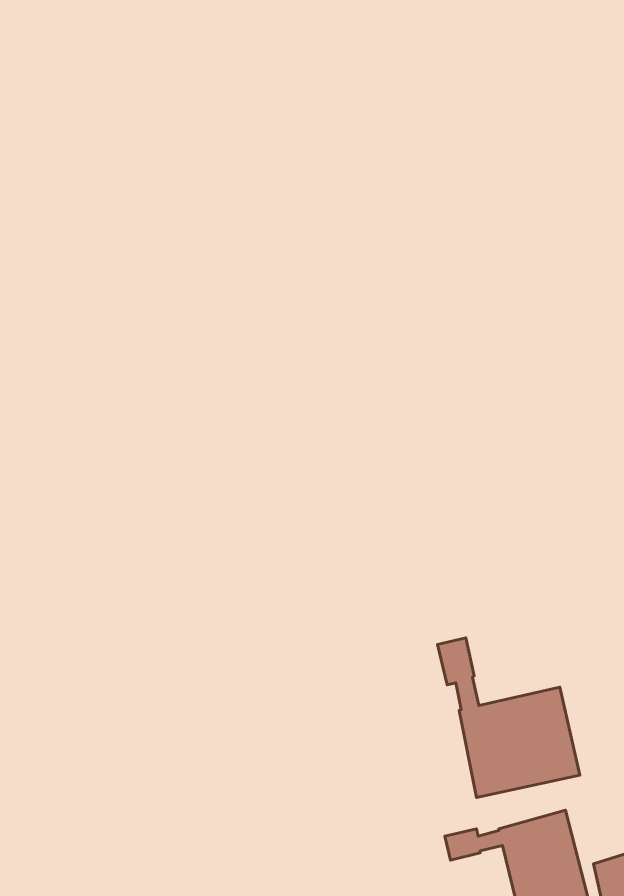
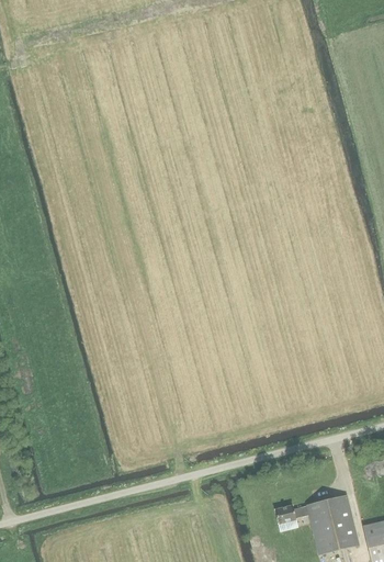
building: [438,638,580,797] -> none

